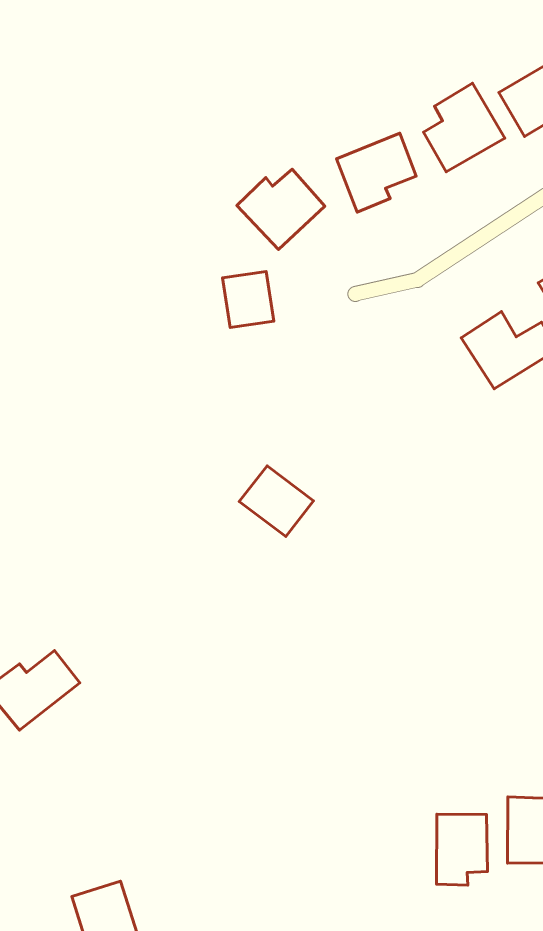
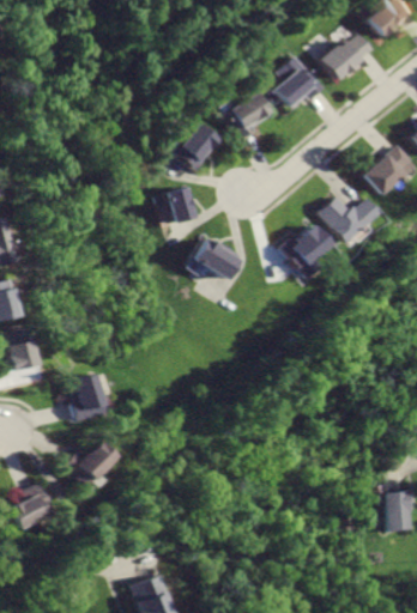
building: none -> [282,221,333,272]
building: [239,466,314,537] -> [199,239,244,281]
building: none -> [62,376,102,420]
building: [436,814,487,885] -> none

